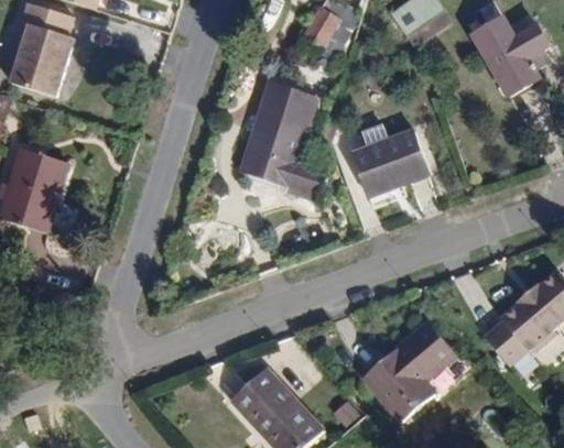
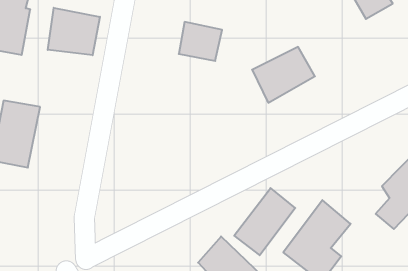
building: none -> [48,8,100,55]
building: [241,118,328,196] -> none
building: none -> [234,188,295,255]

